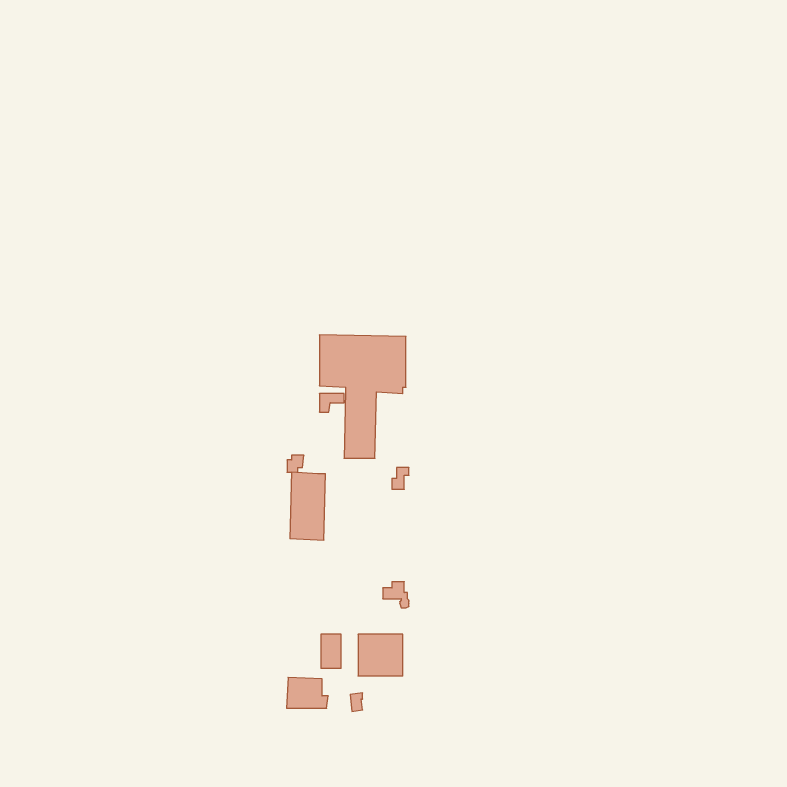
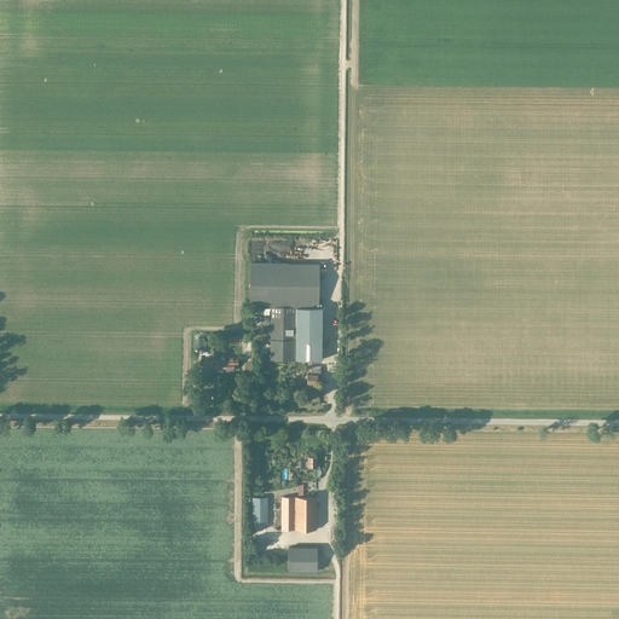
building: [290,472,325,540] -> [295,308,323,361]
building: [287,677,328,708] -> [289,548,322,572]

